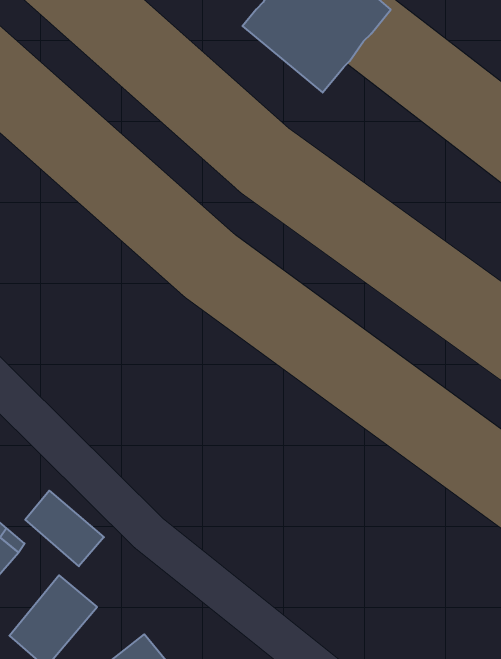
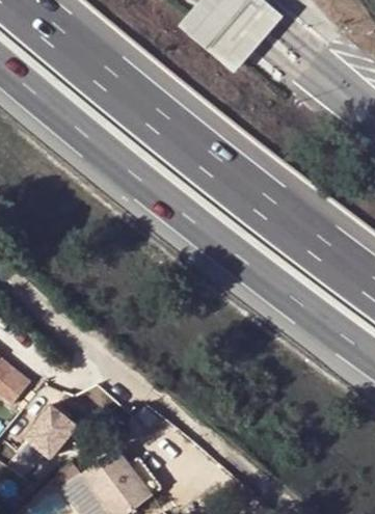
building: [25,491,104,566] -> none

